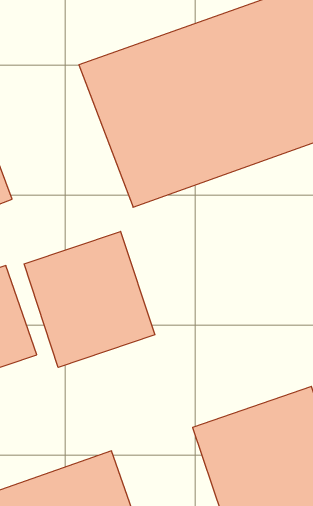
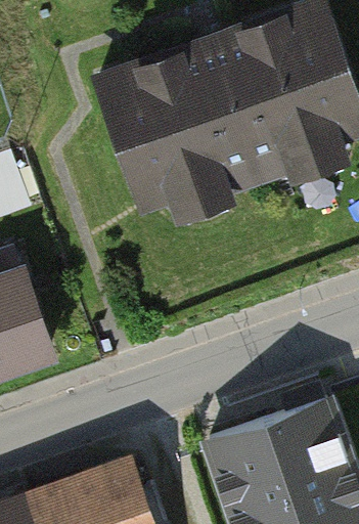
building: [24,231,155,367] -> none

